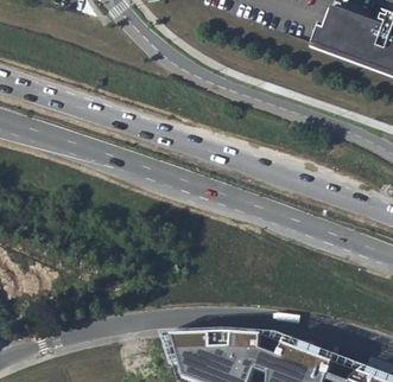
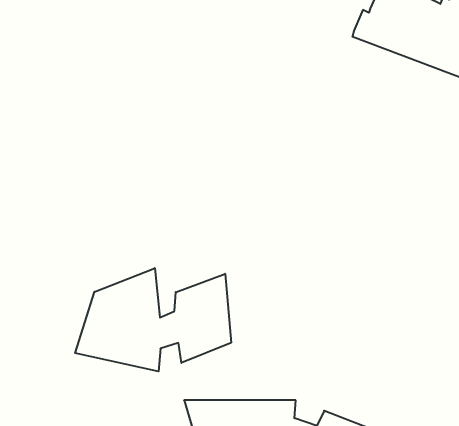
building: none -> [75,268,231,371]

